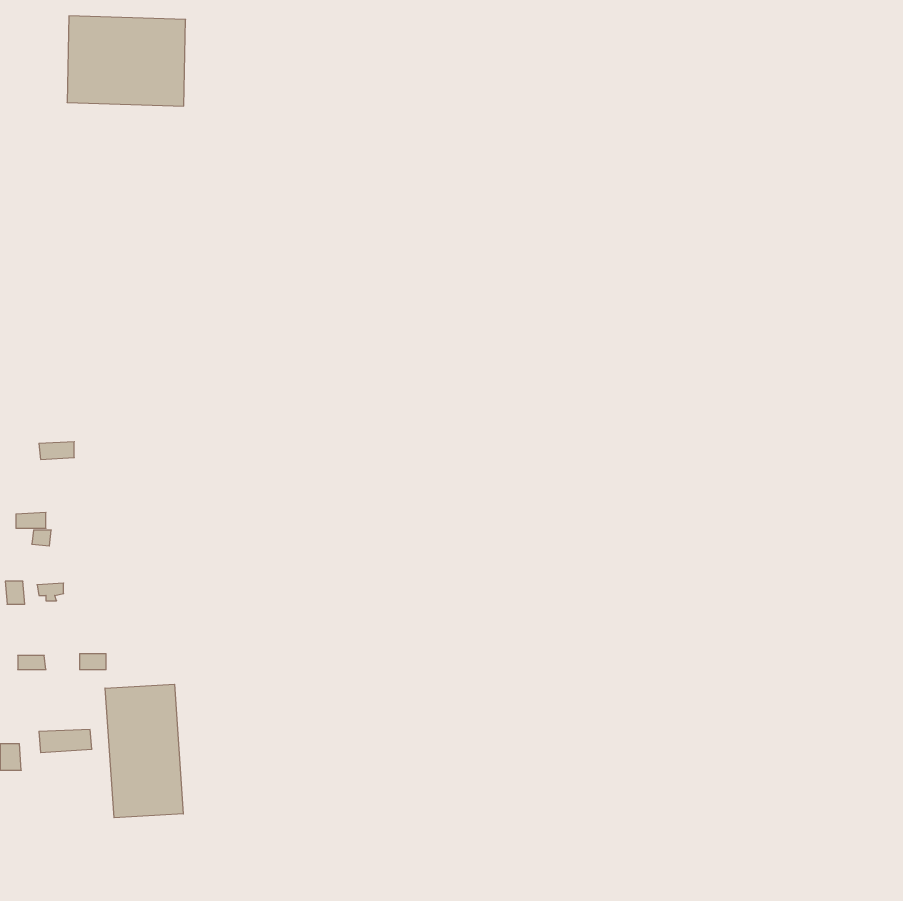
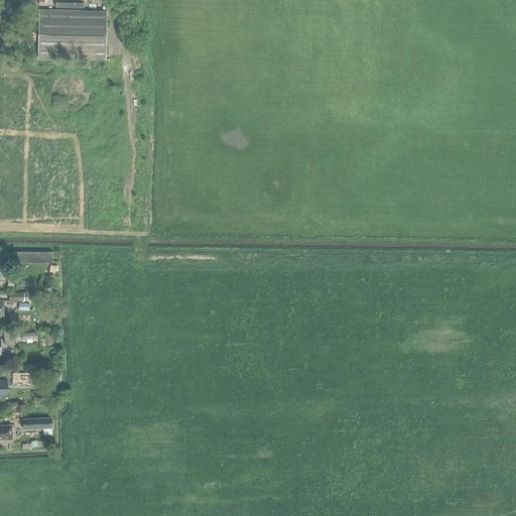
building: [105,684,183,818] -> none

